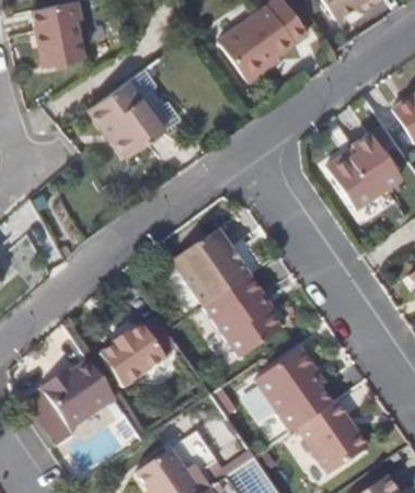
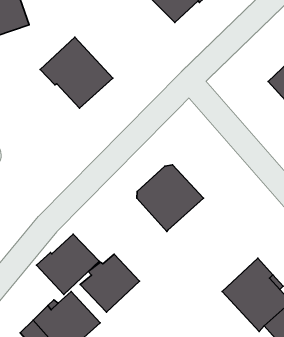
building: [206,275,283,359] -> none
building: none -> [37,234,99,294]

